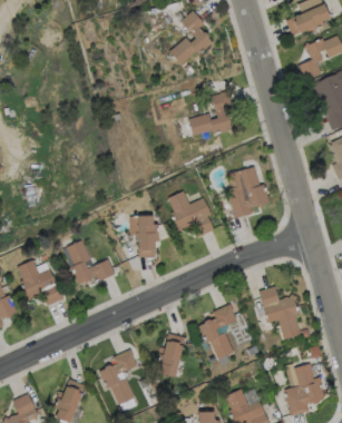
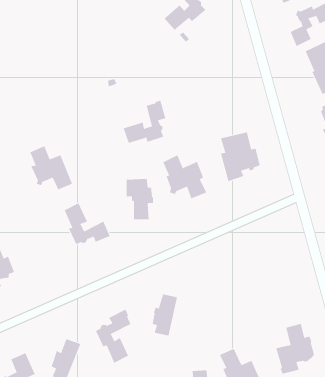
building: [188,90,233,135] -> [123,100,166,143]
building: [18,259,62,305] -> [29,146,73,190]
building: [258,286,301,338] -> none
building: [198,303,236,358] -> none

